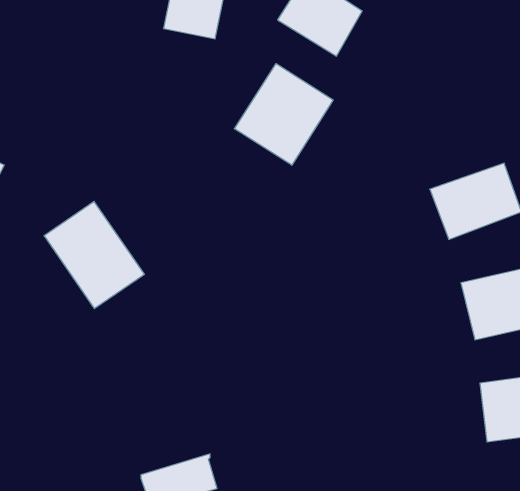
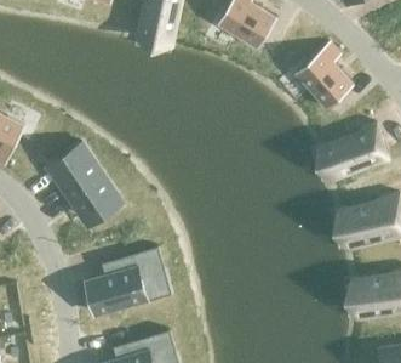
building: none -> [294,42,354,108]
building: [234,64,333,165] -> none
building: none -> [85,245,161,313]

